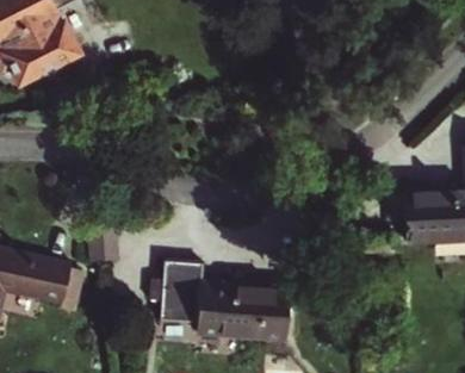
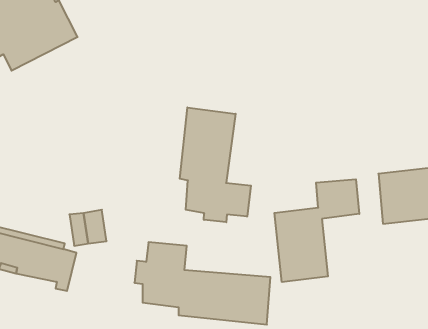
building: none -> [180,107,251,222]
building: none -> [274,179,359,282]

